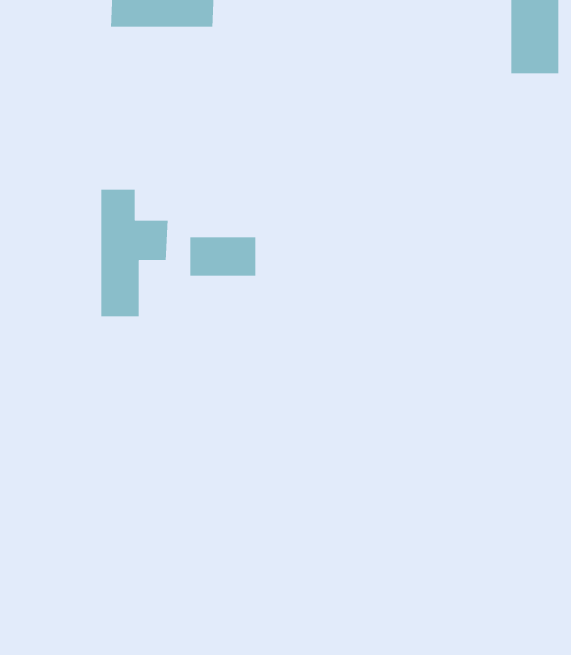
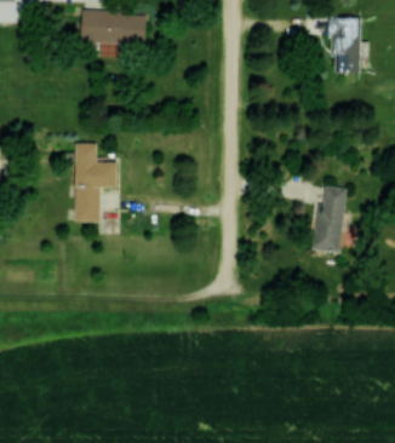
building: [189,237,256,276] -> none
building: none -> [313,185,347,253]

